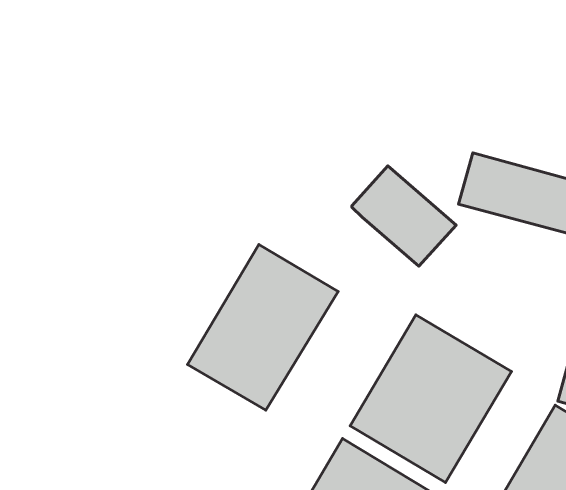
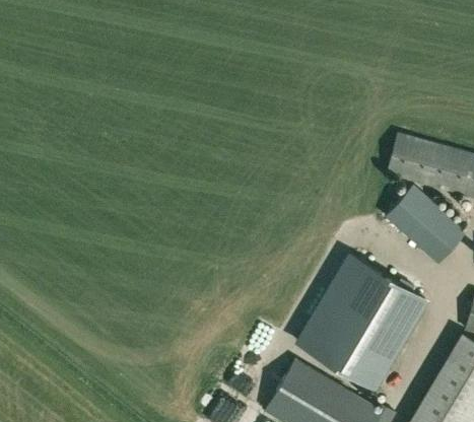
building: [352,166,456,266] -> [385,183,467,262]
building: [187,244,338,410] -> none

